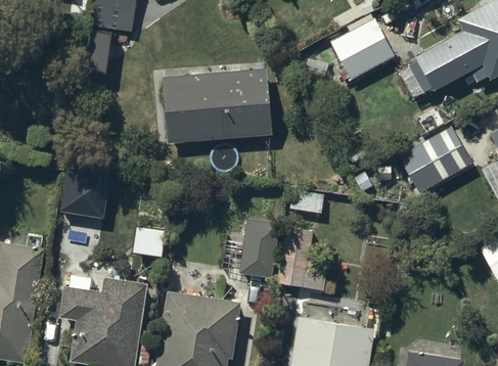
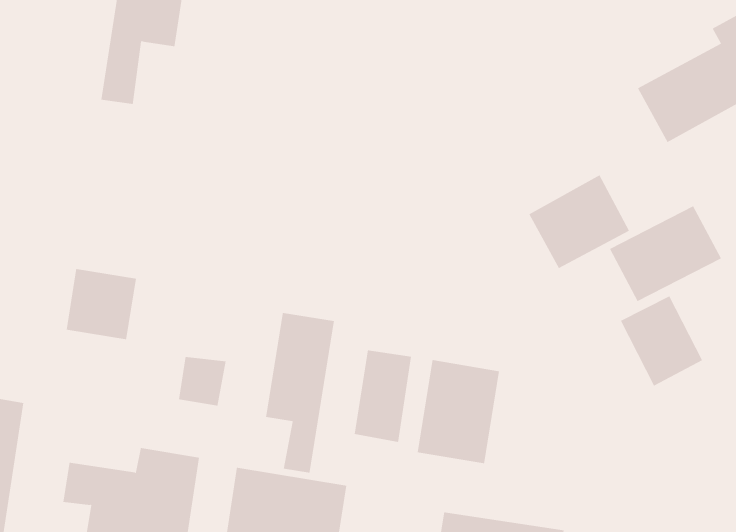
building: [332,21,395,80] -> [529,174,630,269]
building: [166,68,270,137] -> none
building: none -> [620,296,703,387]
building: none -> [265,312,334,473]

